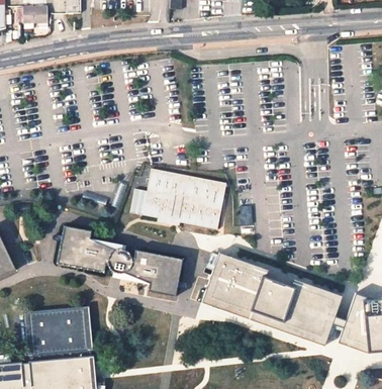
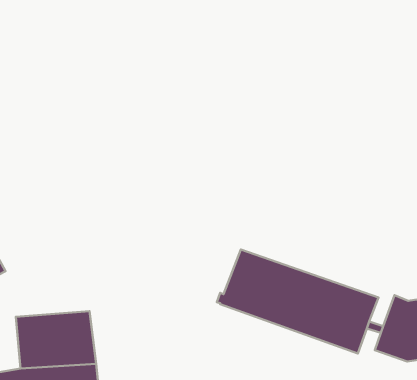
building: [139,168,225,232] -> none
building: [57,226,183,298] -> none

